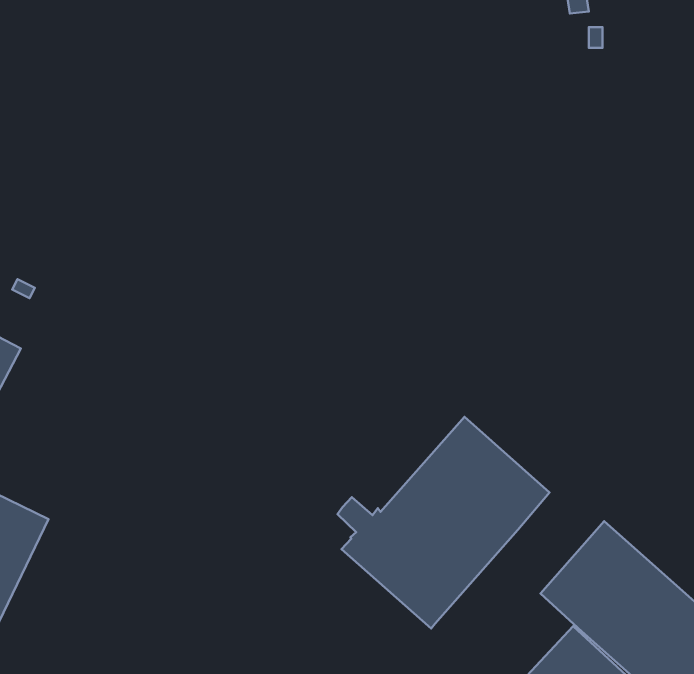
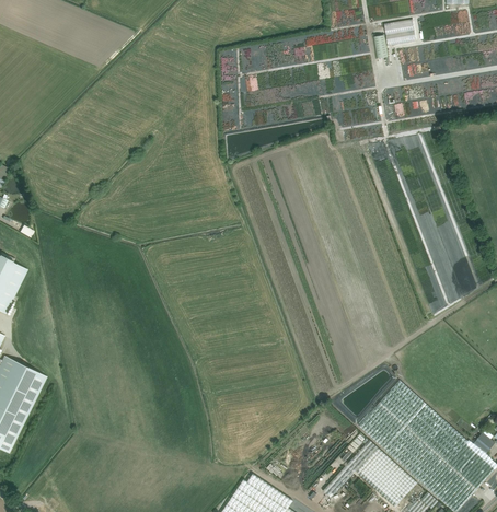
building: [337,417,550,629] -> none

